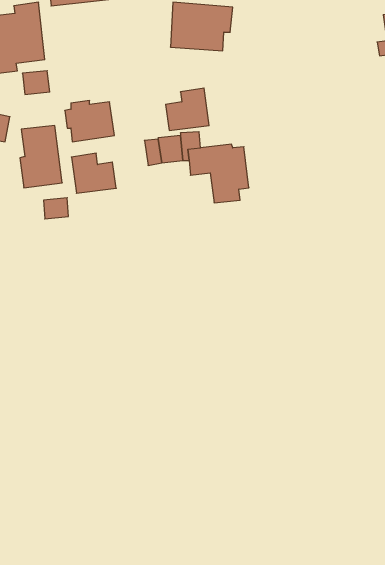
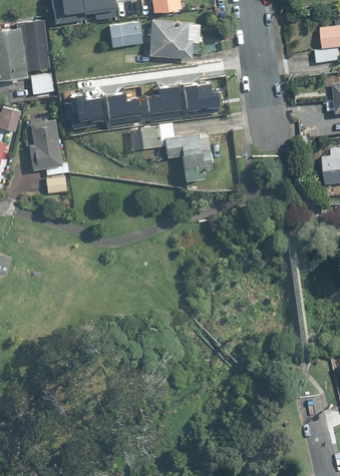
building: none -> [109,23,141,47]
building: none -> [185,84,222,117]
building: [71,153,116,193] -> [105,95,141,127]

